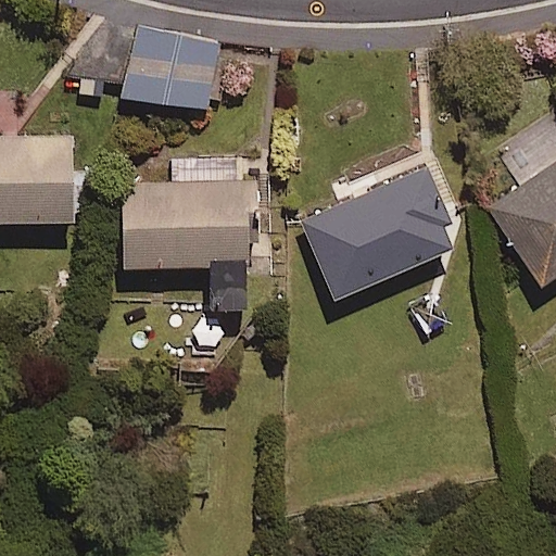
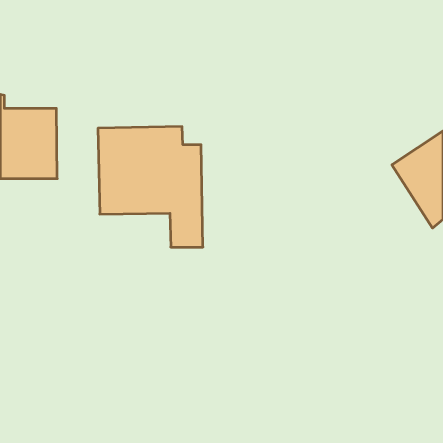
building: [125,28,219,111] -> none
building: [302,169,456,300] -> none

